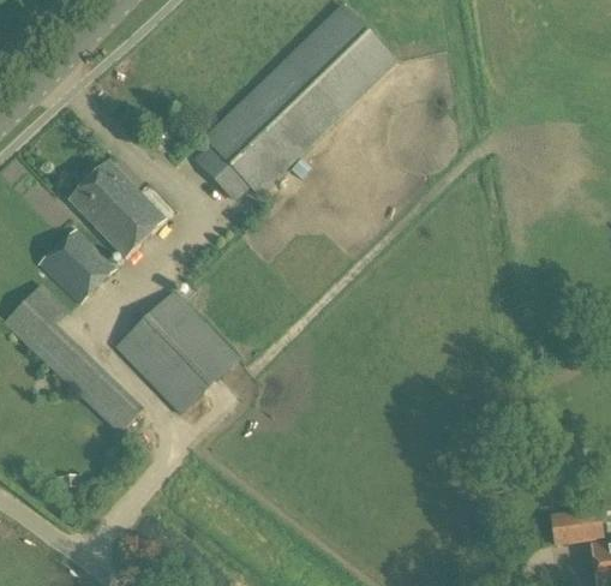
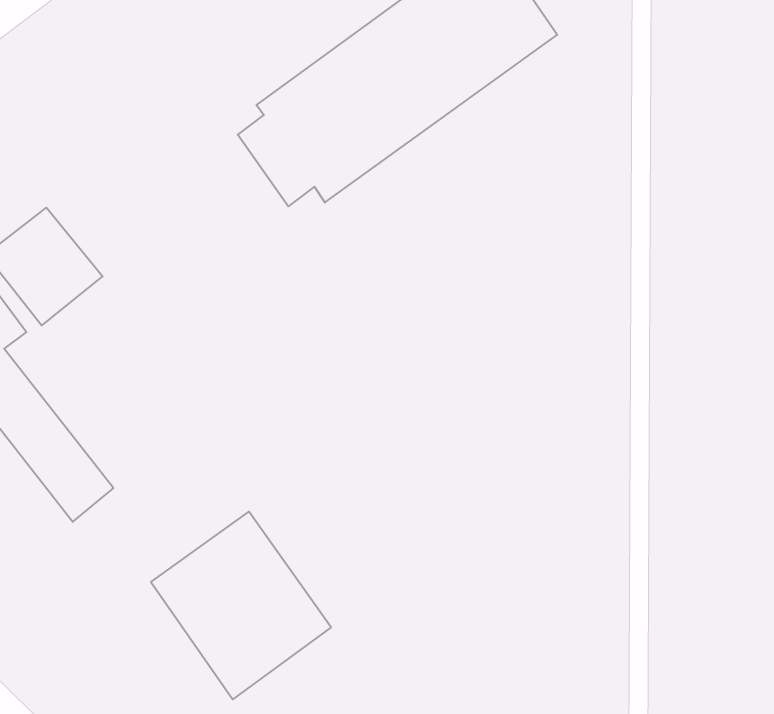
building: [67,160,164,257] -> none
building: [114,288,239,415] -> [151,512,331,699]

